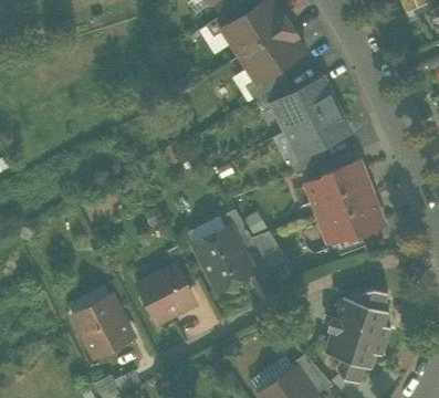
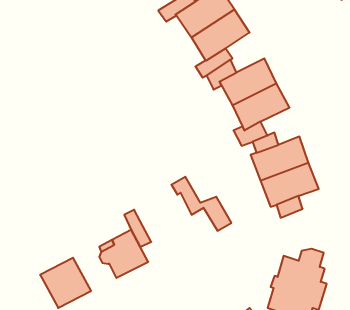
building: [194,228,253,292] -> none

